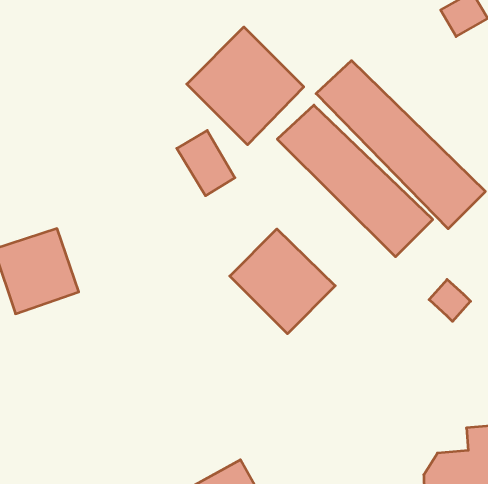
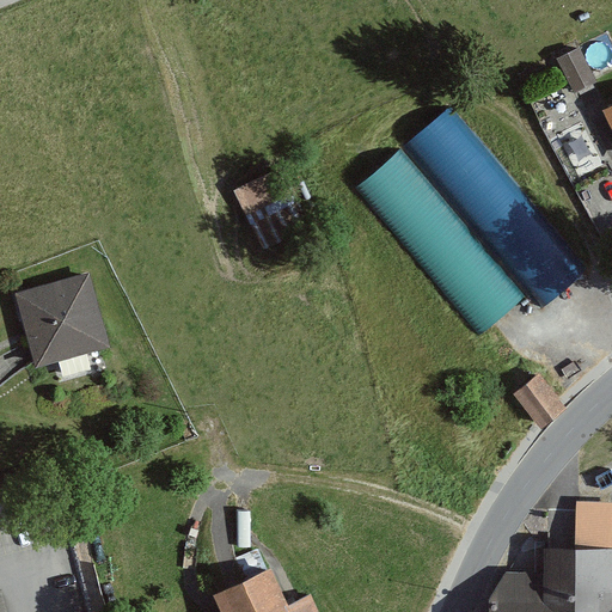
building: [187,27,304,145] -> none
building: [230,229,335,334] -> none

